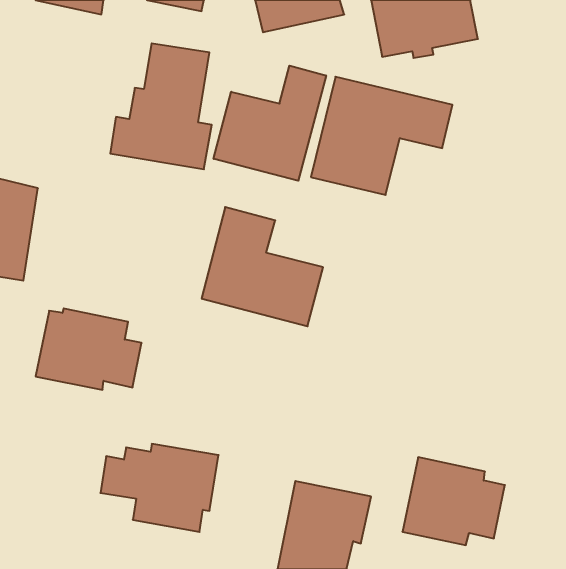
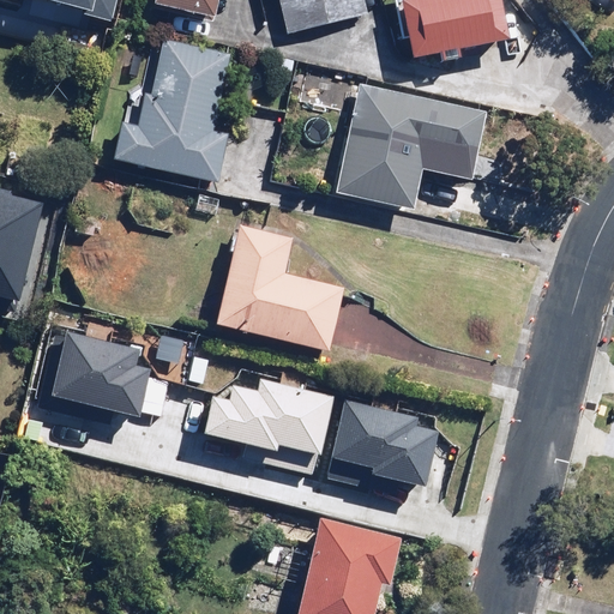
building: [214,66,326,181] -> none
building: [100,444,219,532] -> [204,379,331,474]
building: [402,457,505,545] -> [327,397,438,492]

